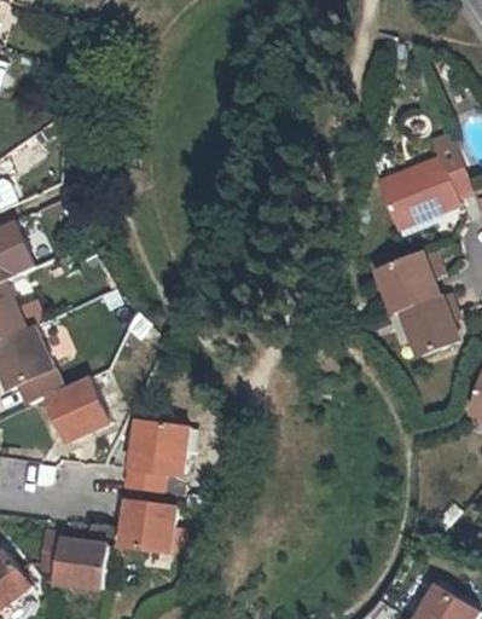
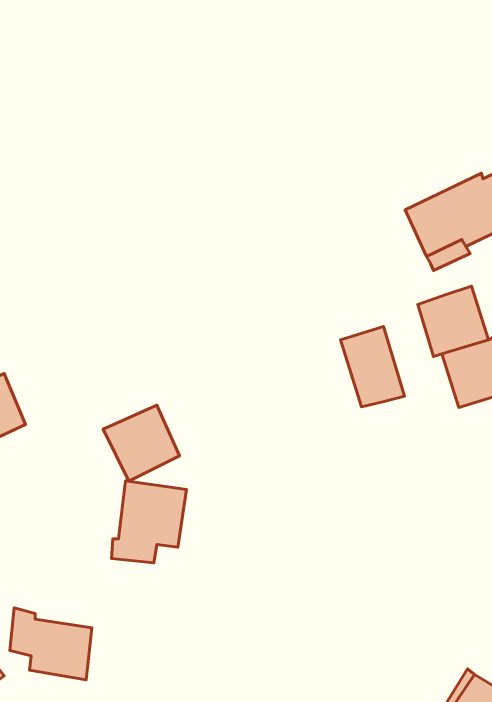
building: none -> [340,327,404,407]
building: [37,378,103,444] -> [103,405,180,481]
building: [118,498,174,553] -> none

